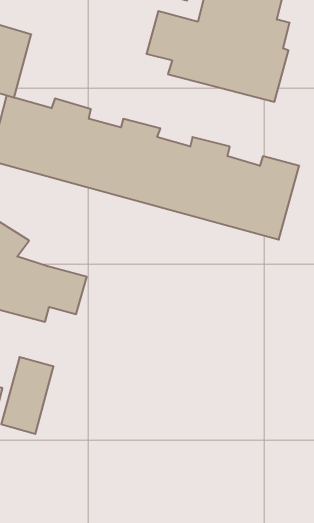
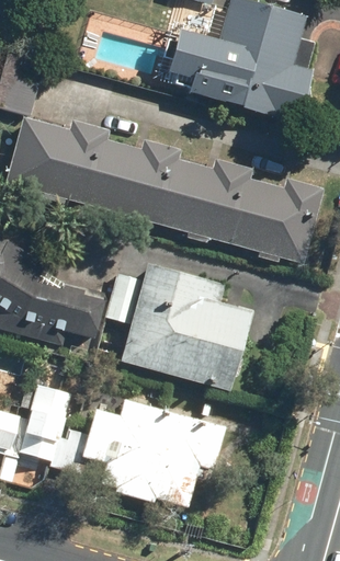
building: none -> [105,262,251,391]
building: none -> [83,399,226,506]

